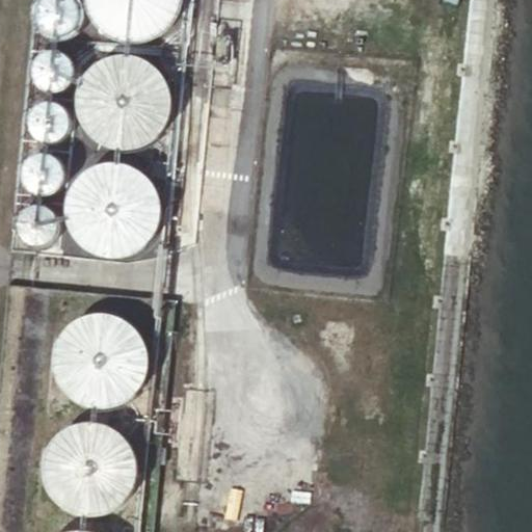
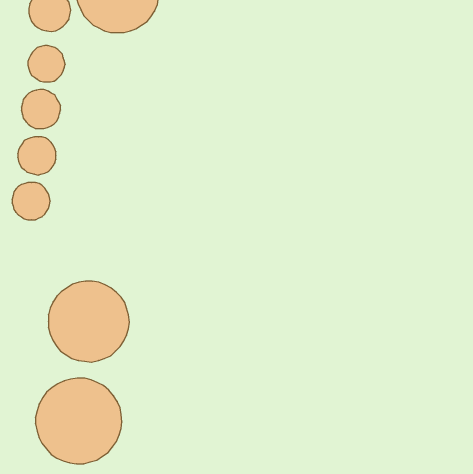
building: [77,55,169,148] -> none
building: [64,162,159,257] -> none

